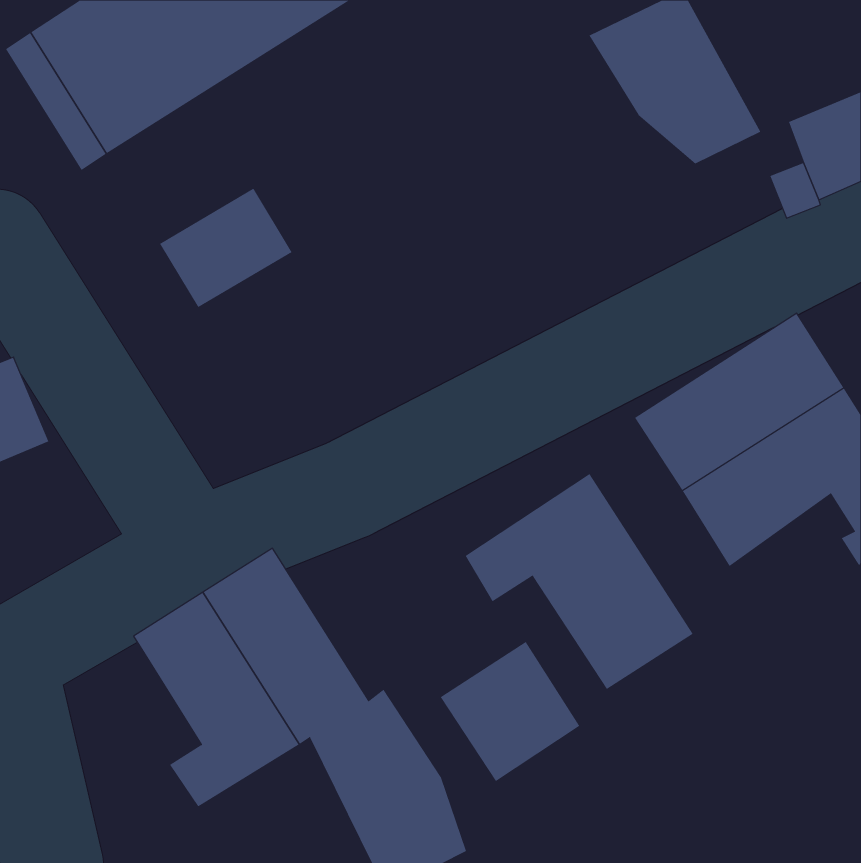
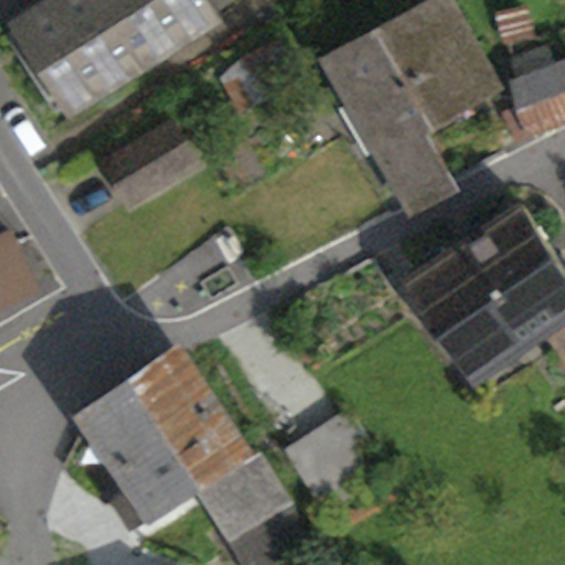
building: none -> [328,24,454,206]
building: [465,473,693,690] -> none

